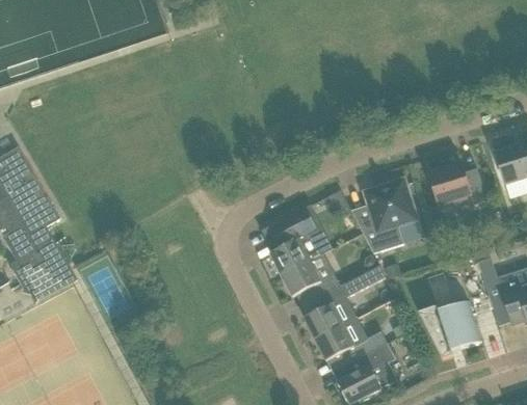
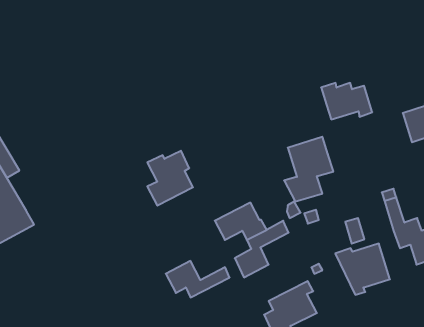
building: [428,165,486,207] -> [321,83,372,119]
building: [270,212,322,274] -> [147,151,193,206]
building: [315,324,388,366] -> [166,261,230,297]

